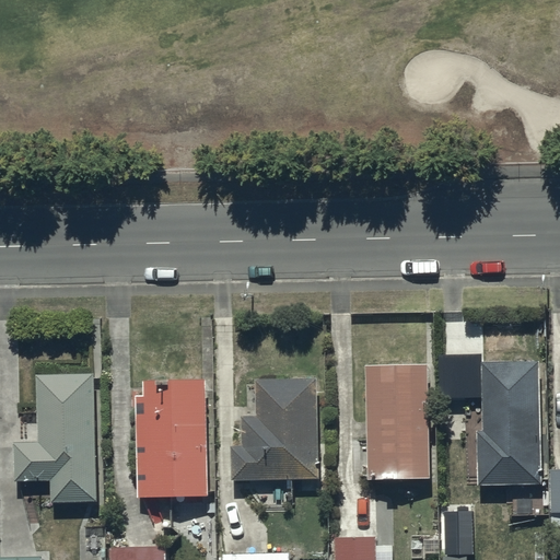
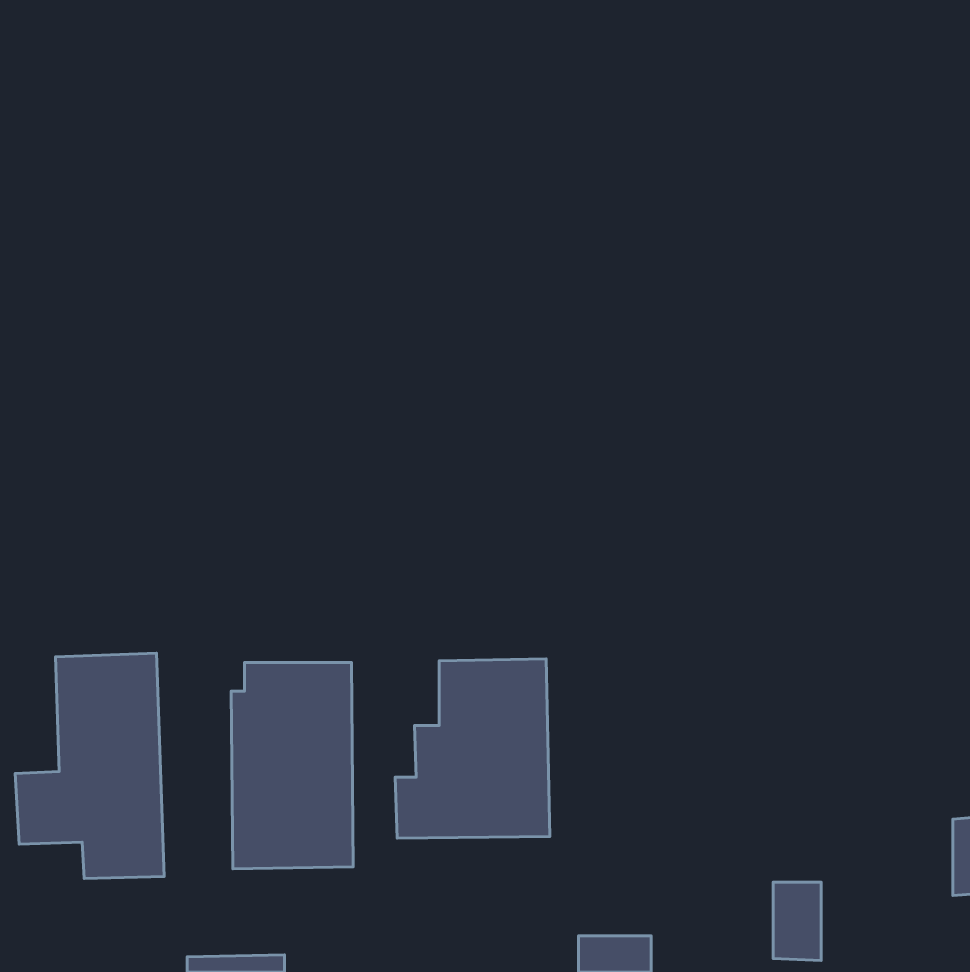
building: [475,361,541,486] -> none
building: [365,363,431,481] -> none

